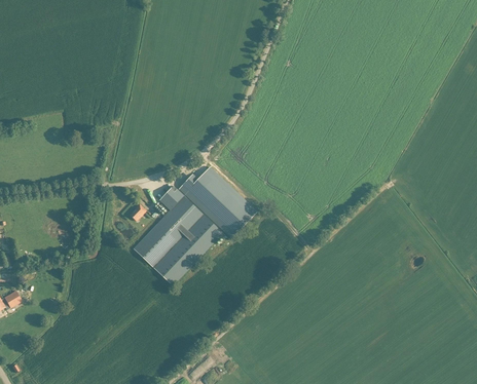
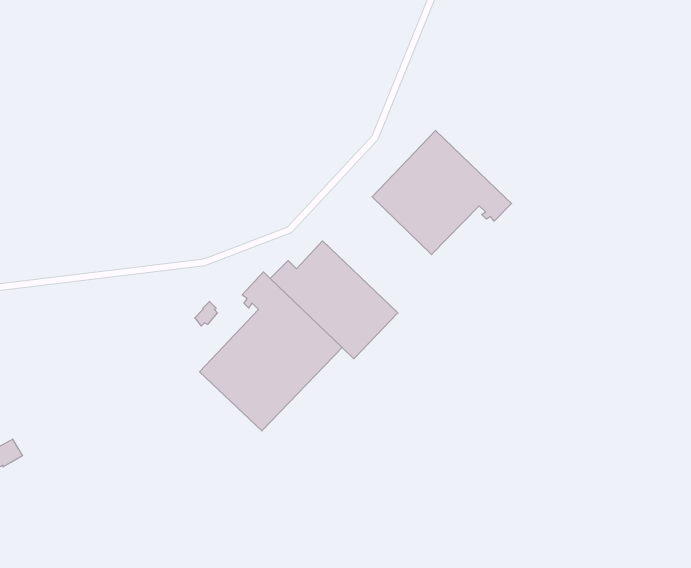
building: none -> [372,130,512,255]

